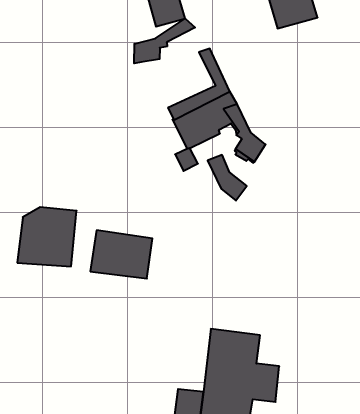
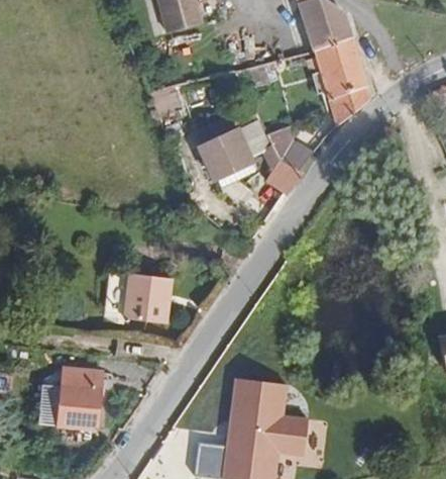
building: none -> [310,33,371,122]
building: [134,18,195,63] -> none
building: [208,155,247,201] -> [265,123,309,174]
building: [17,207,77,266] -> [36,362,102,427]

